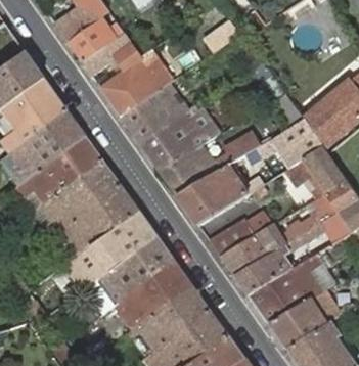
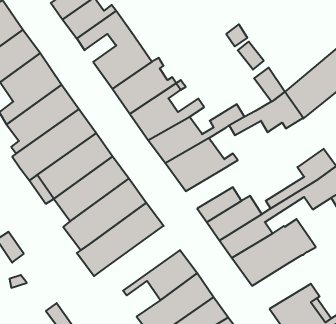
building: [282,145,344,197] -> none
building: [113,260,191,328] -> none
building: [268,290,338,348] -> none

